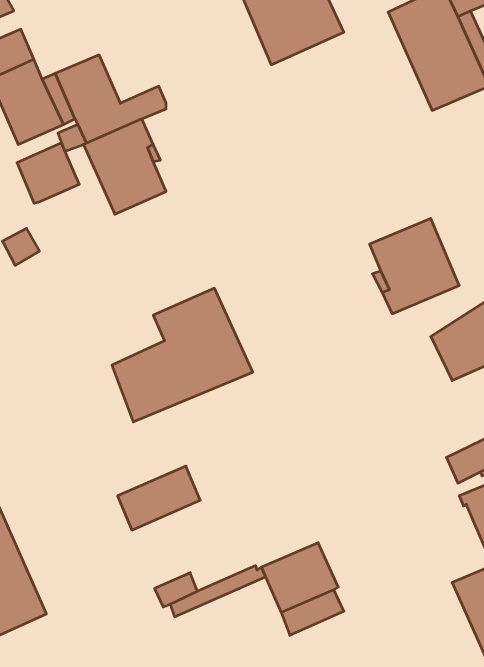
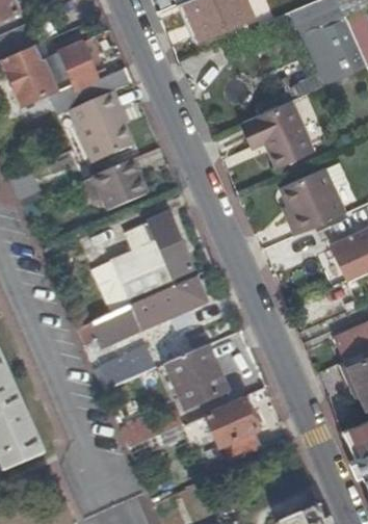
building: none -> [243,100,313,165]
building: [17,143,79,203] -> none
building: none -> [94,159,146,210]
building: none -> [76,276,205,343]
building: none -> [161,343,226,409]

